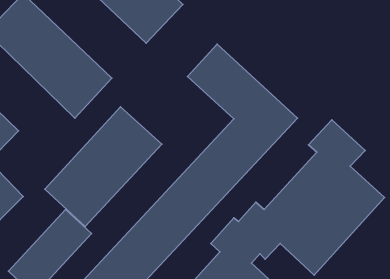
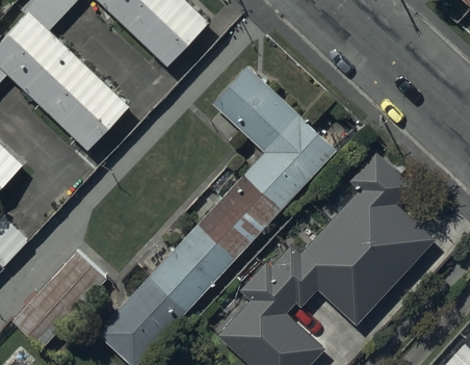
building: [45,107,162,226] -> none

